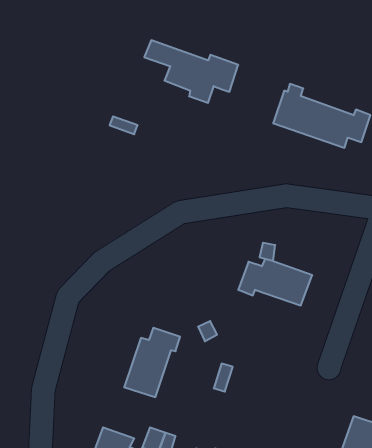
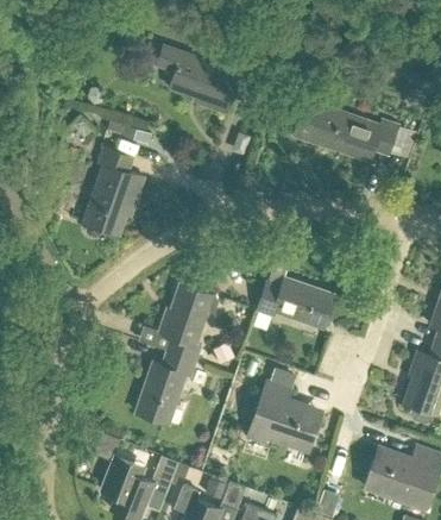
building: none -> [84,149,143,237]
building: none -> [158,284,219,361]
building: none -> [246,381,320,452]

